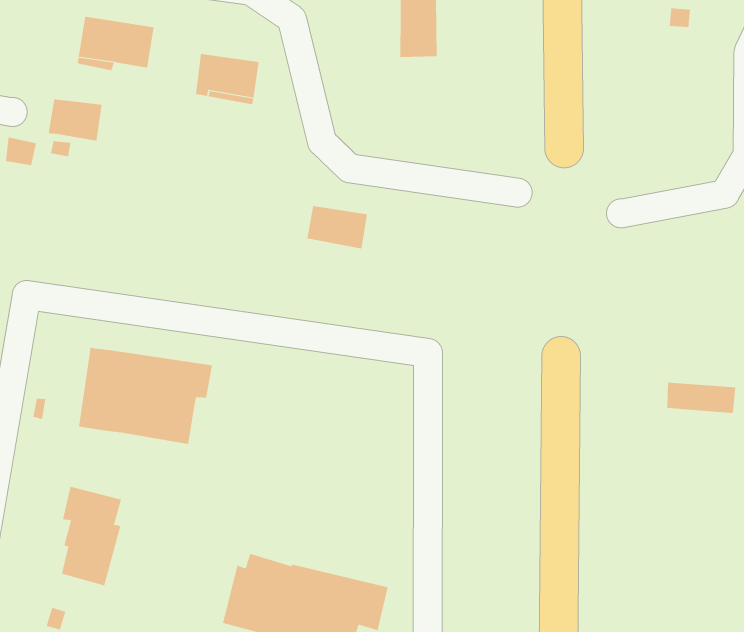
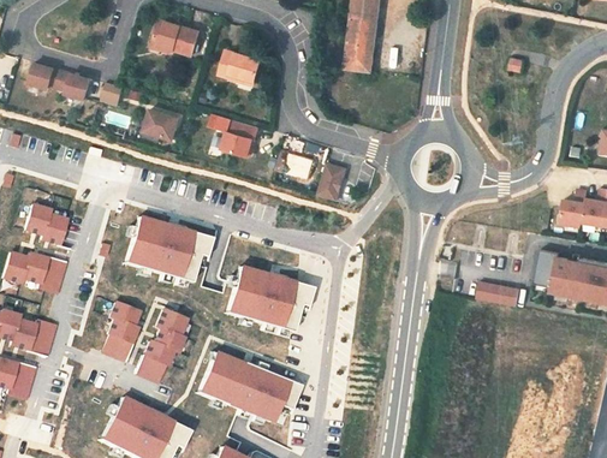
building: [48,99,102,141] -> [143,109,178,138]
building: none -> [208,113,257,155]
building: none -> [316,162,341,201]
building: none -> [224,266,309,332]
building: none -> [133,304,192,383]

